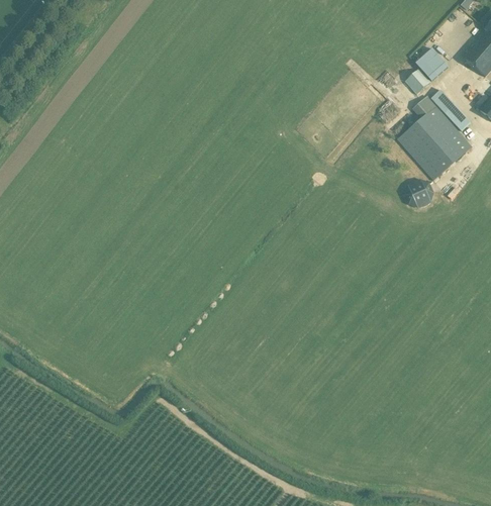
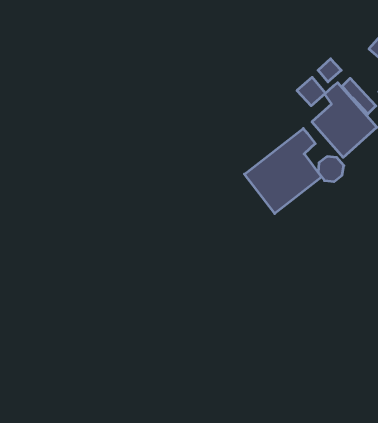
building: [415,47,448,80] -> [297,77,325,106]
building: none -> [244,128,321,214]

